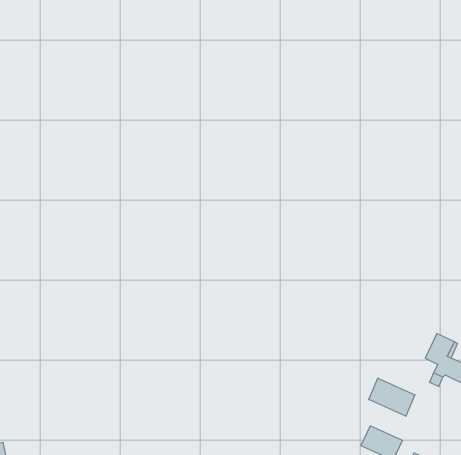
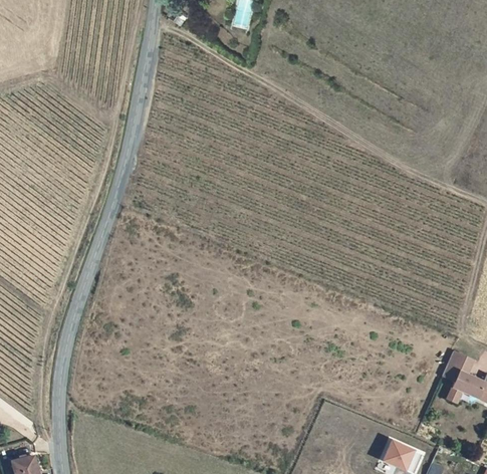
building: [369,378,415,416] -> none

